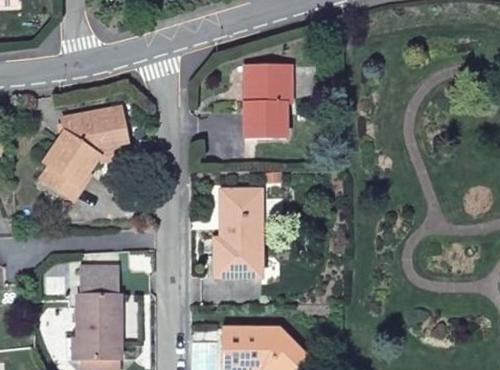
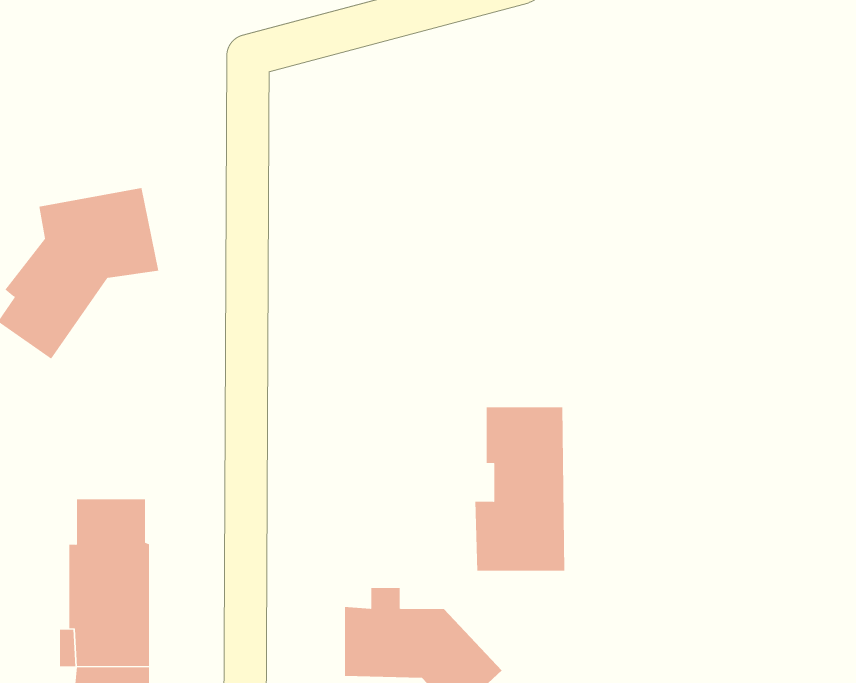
building: [243,64,291,137] -> none
building: [213,190,261,277] -> [475,407,565,571]

